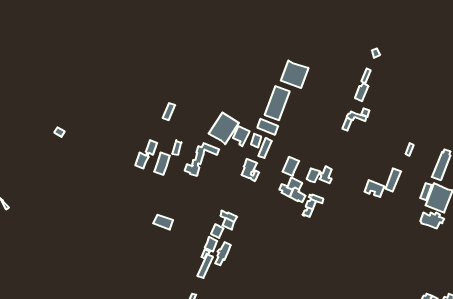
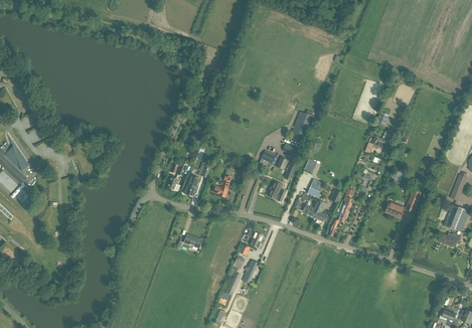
building: [281,60,308,88] -> none
building: [209,112,239,144] -> none

